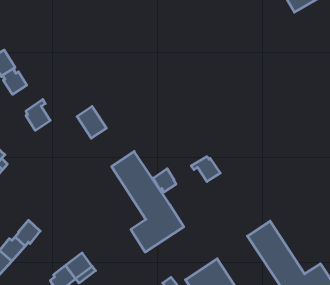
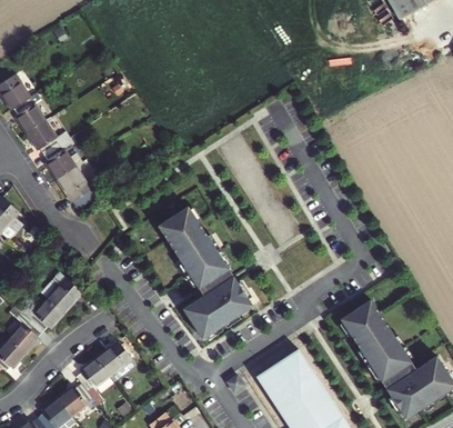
building: none -> [28,119,68,153]
building: [77,106,106,138] -> [58,166,97,208]
building: [191,157,220,182] -> none
building: [153,169,176,192] -> none
building: none -> [42,277,83,312]

